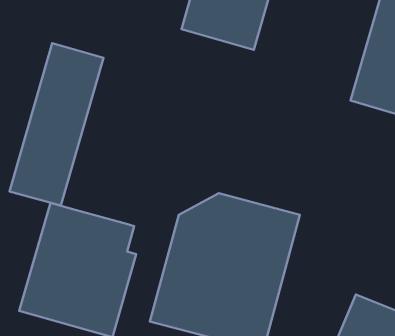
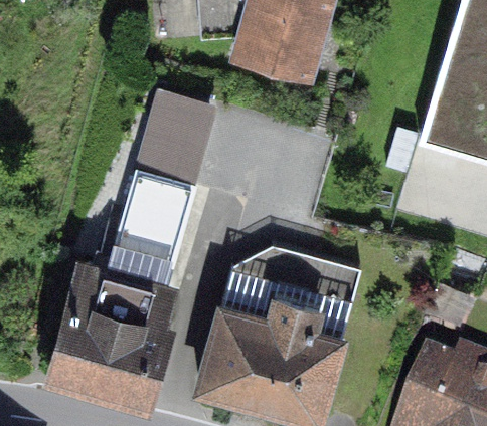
building: [9,43,103,206] -> [107,96,215,283]

